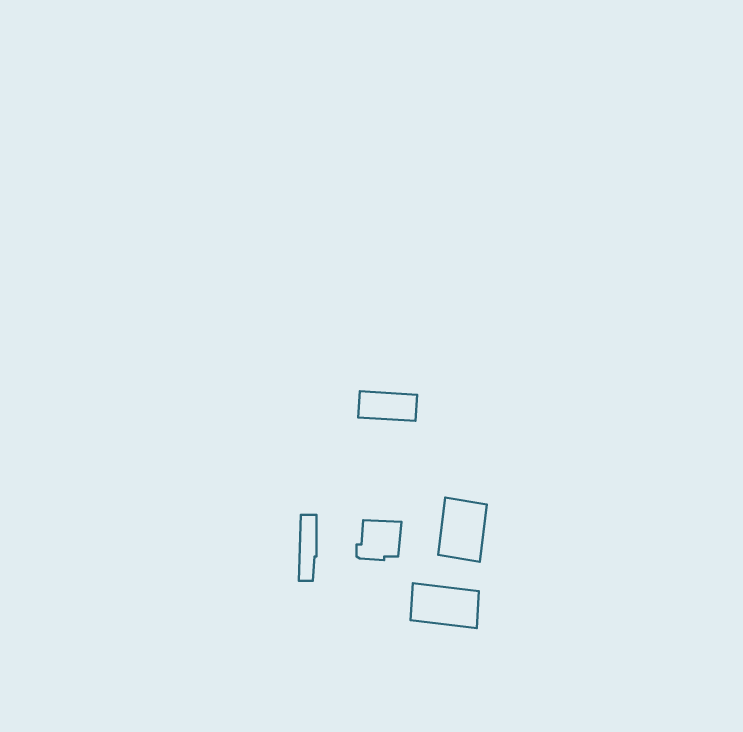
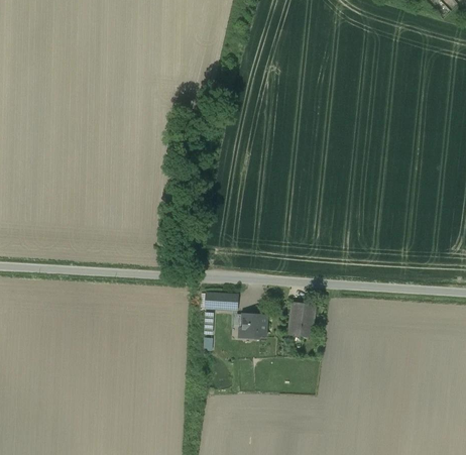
building: [358,391,417,421] -> [204,292,238,309]
building: [410,583,479,628] -> none

